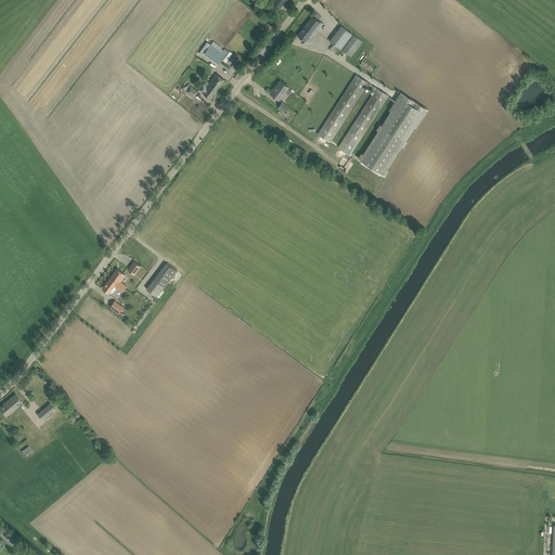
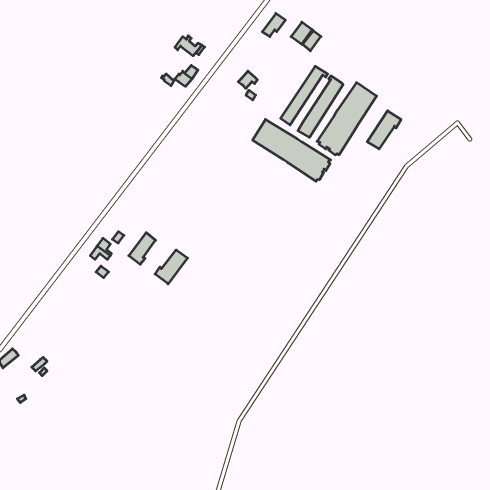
building: none -> [367,111,401,149]
building: none -> [253,119,331,181]
building: none -> [155,250,188,284]

